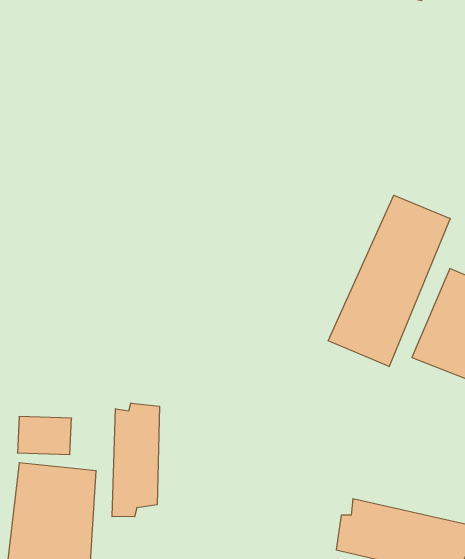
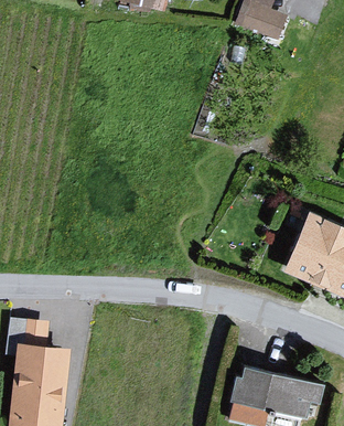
building: [328,195,450,367] -> none
building: [112,403,159,517] -> none

